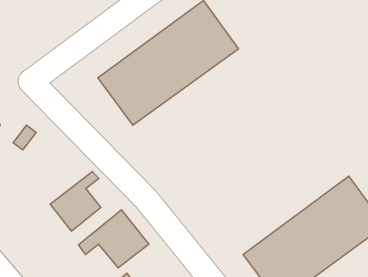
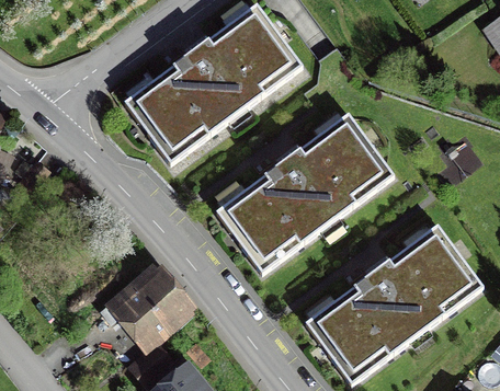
building: none -> [216,115,394,272]
building: [50,171,101,231] -> none

